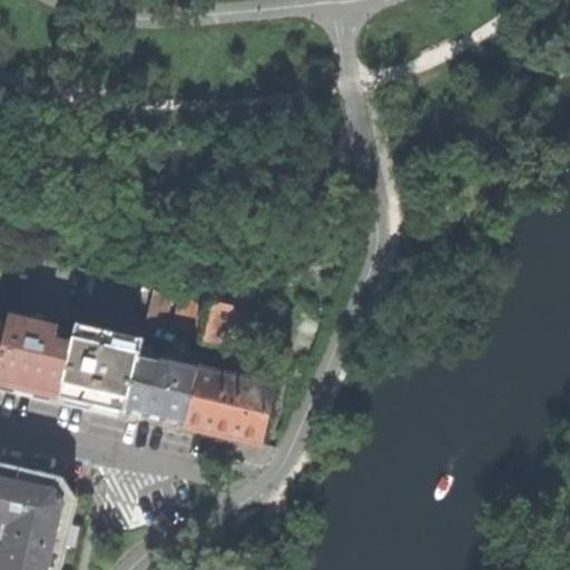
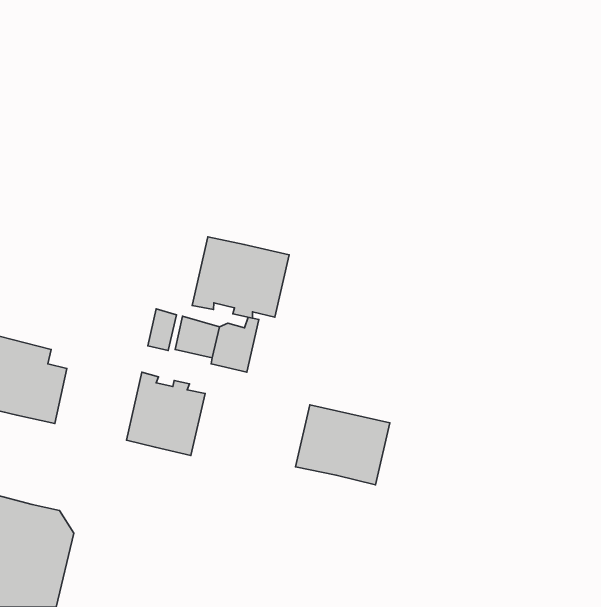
building: none -> [192,237,289,318]
building: [51,322,135,411] -> none
building: [178,367,266,442] -> [296,405,390,485]

